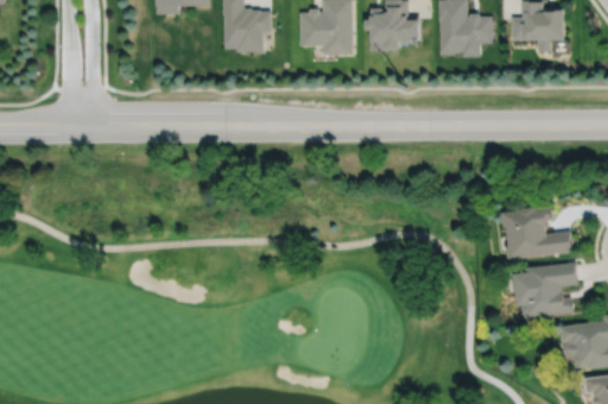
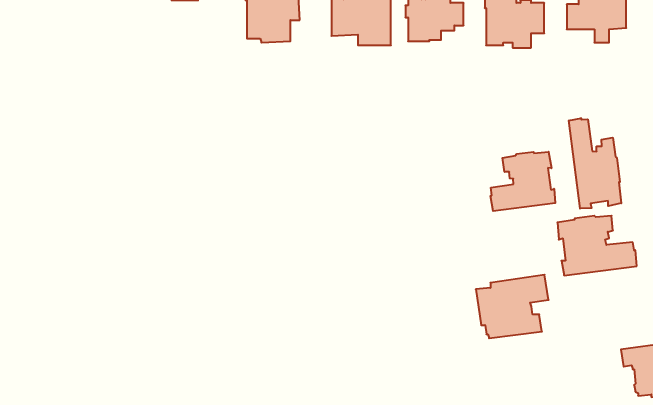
building: none -> [569,118,621,209]
building: none -> [491,152,555,211]
building: [514,261,580,318] -> [476,275,549,338]

